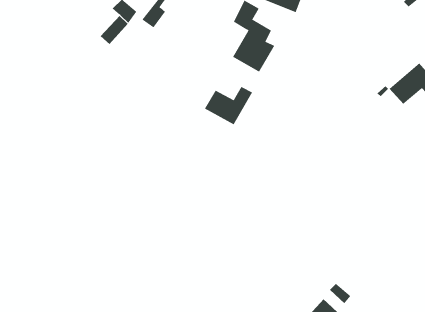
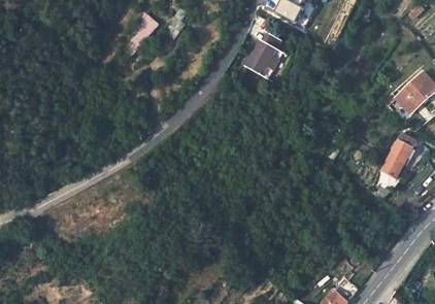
building: [204,86,253,125] -> none
building: none -> [378,133,413,179]

